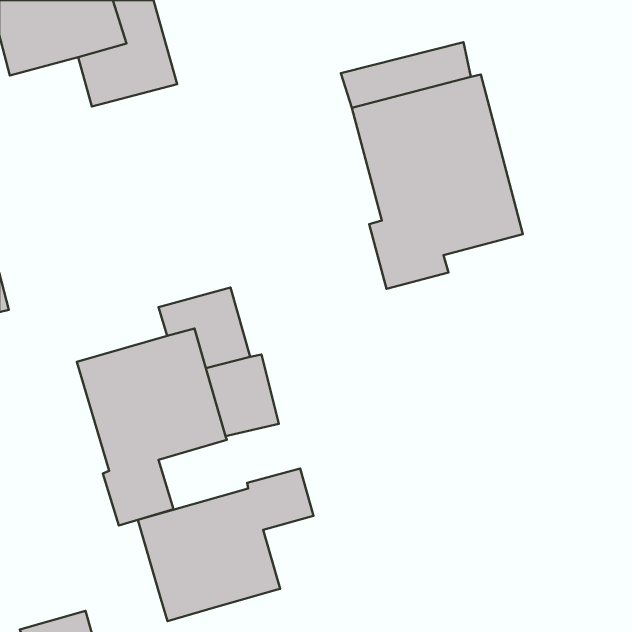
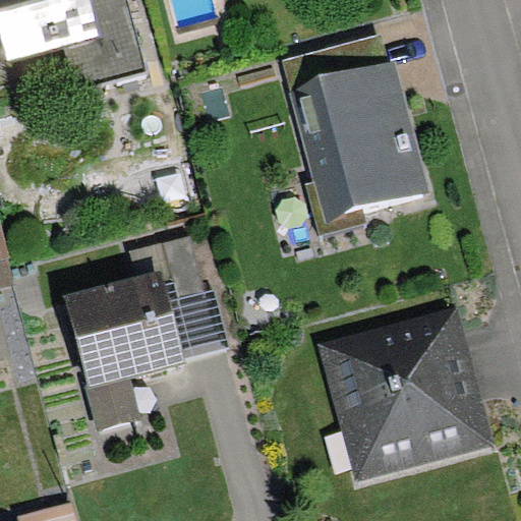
building: none -> [317,304,495,482]
building: [138,469,314,621] -> none

